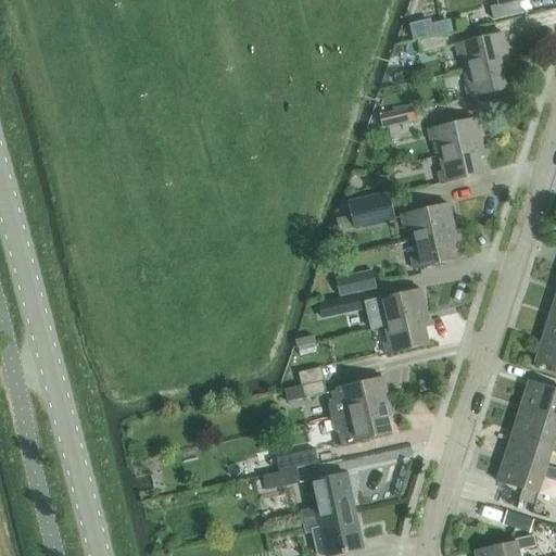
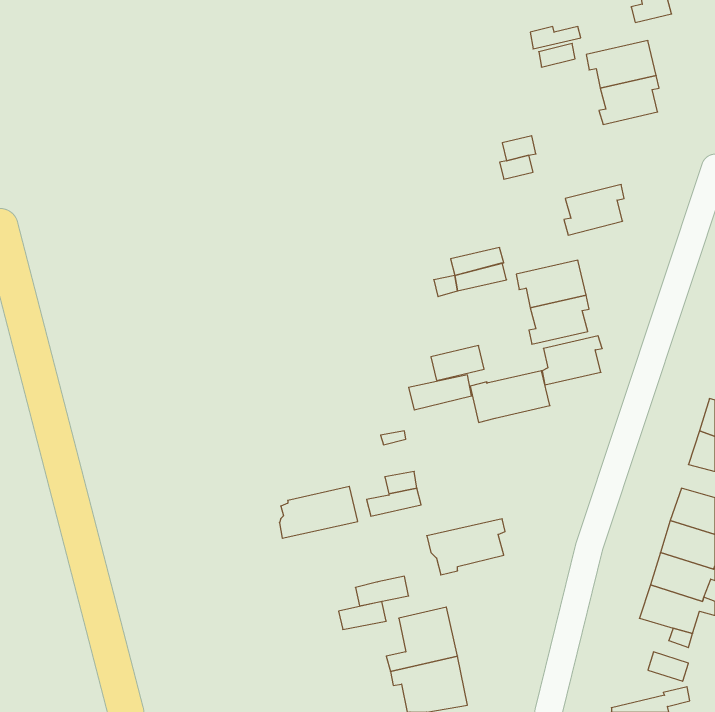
building: [428,116,482,154] -> none
building: [383,315,430,353] -> [542,336,602,385]
building: [329,376,390,416] -> [279,486,358,538]

